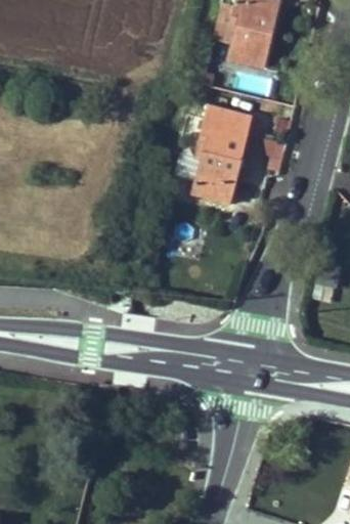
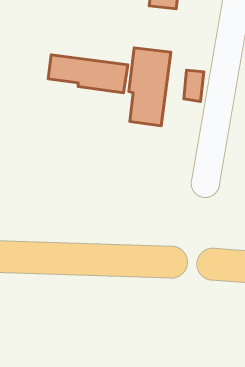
building: none -> [48,55,128,93]

